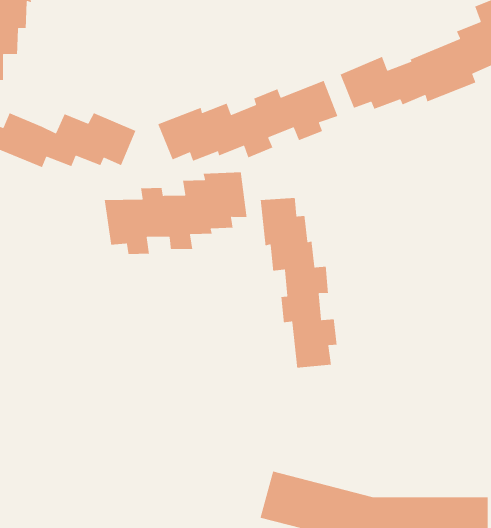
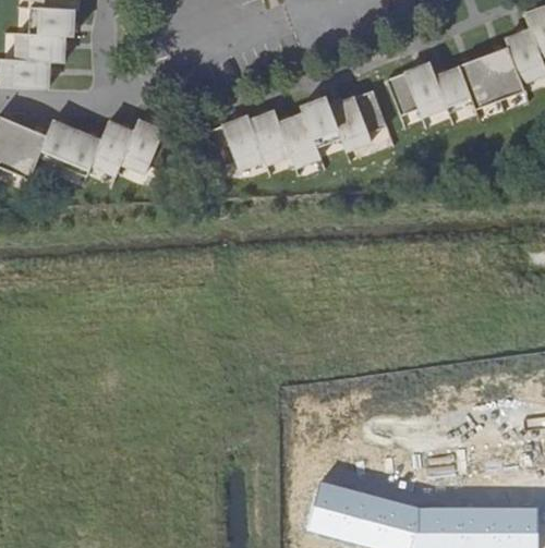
building: [104,172,247,255] -> none
building: [260,197,337,368] -> none

